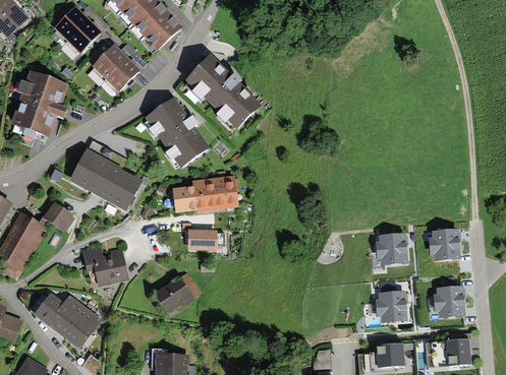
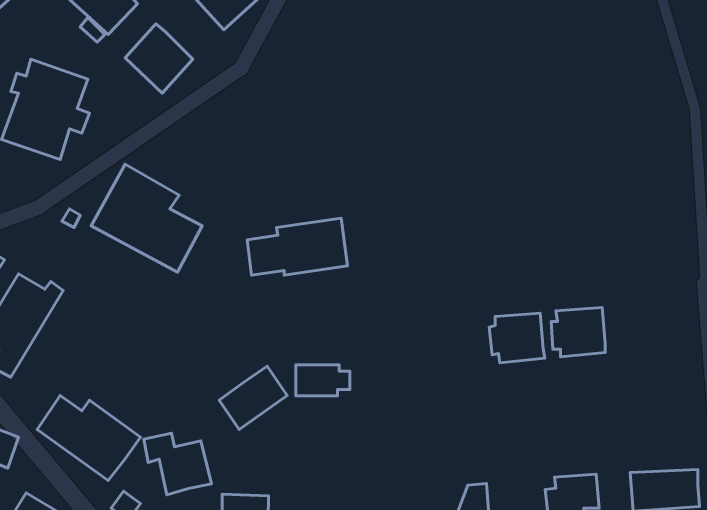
building: [186,55,261,128] -> none
building: [146,99,209,167] -> none
building: [43,200,74,231] -> none
building: [427,227,462,259] -> none
building: [188,228,224,248] -> [296,365,350,396]
building: [82,246,127,287] -> [144,433,212,495]
building: [432,285,467,317] -> none
building: [373,291,409,323] -> [489,313,545,363]

